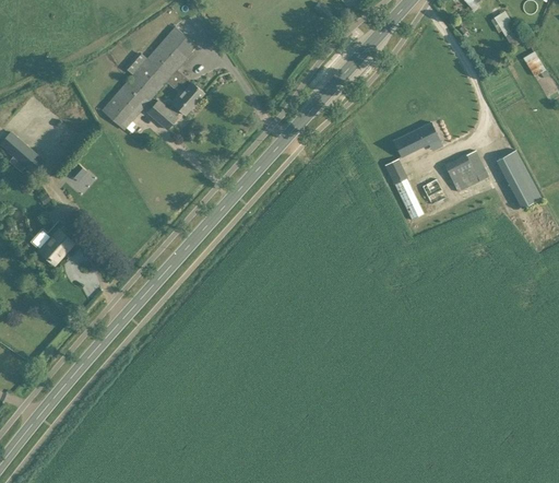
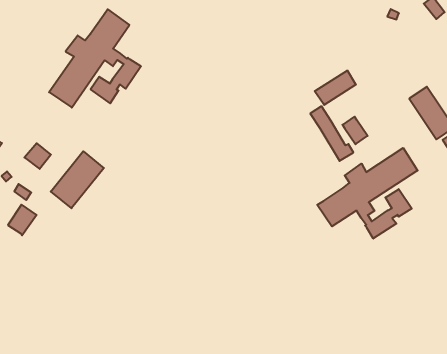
building: [443,151,483,192] -> none
building: none -> [51,151,104,208]
building: none -> [317,148,418,239]

